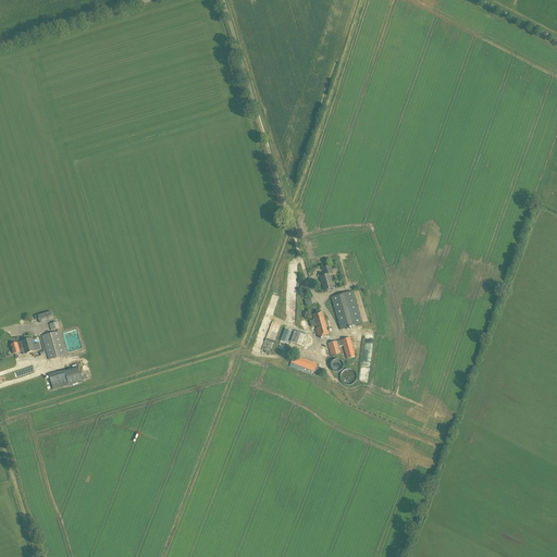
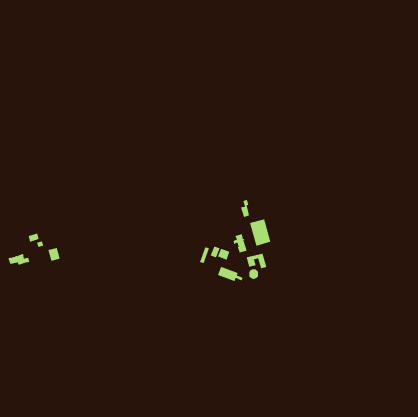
building: [40,330,64,358] -> none
building: [48,364,81,388] -> none

